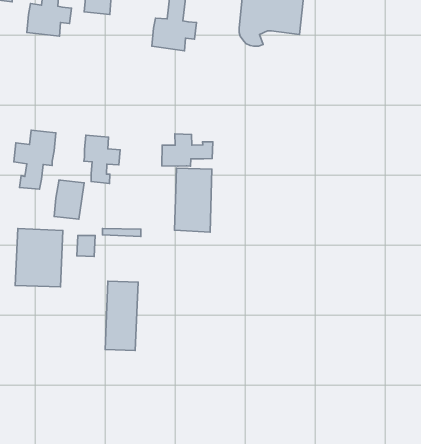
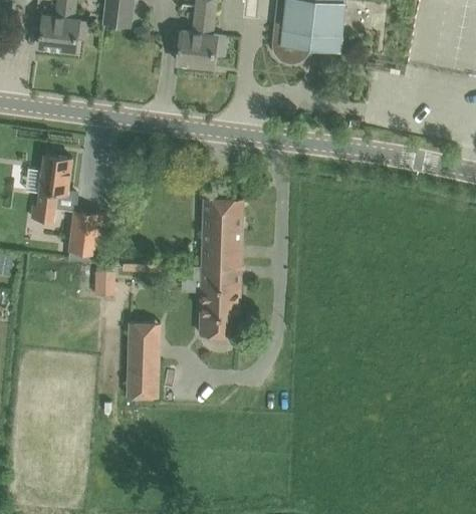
building: [162,134,213,166] -> none
building: [84,135,120,183] -> none
building: [15,228,63,287] -> none
building: none -> [199,266,240,336]

